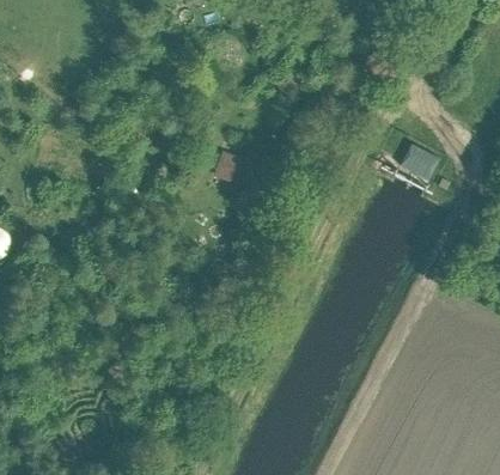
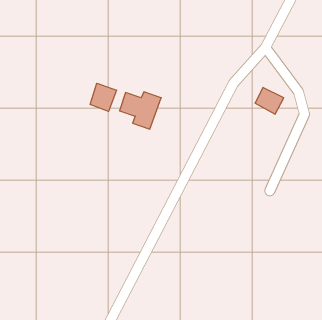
building: none -> [90,83,117,111]

